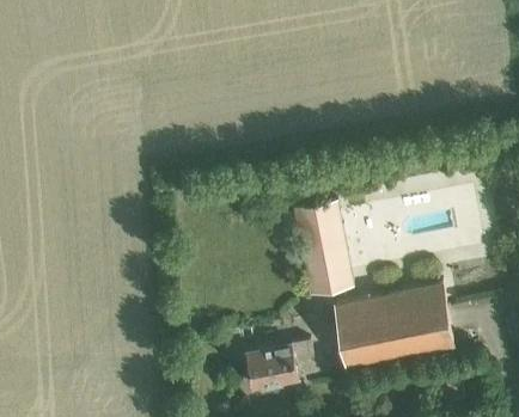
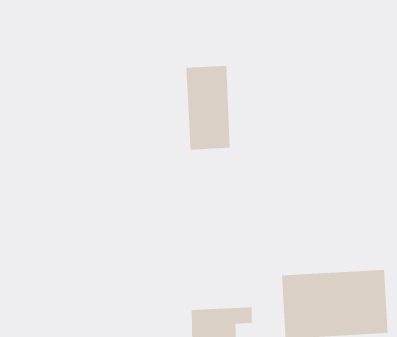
building: [293,201,352,294] -> [185,65,231,150]

